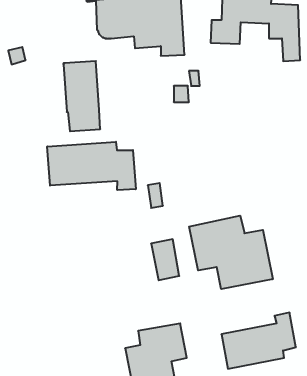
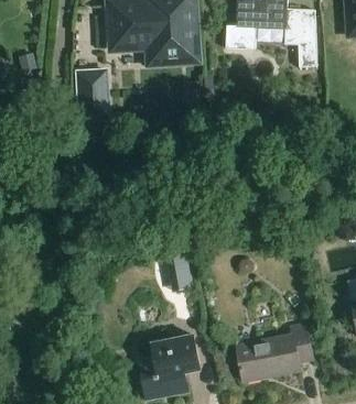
building: [47,142,136,190] -> none
building: [189,216,273,289] -> none

